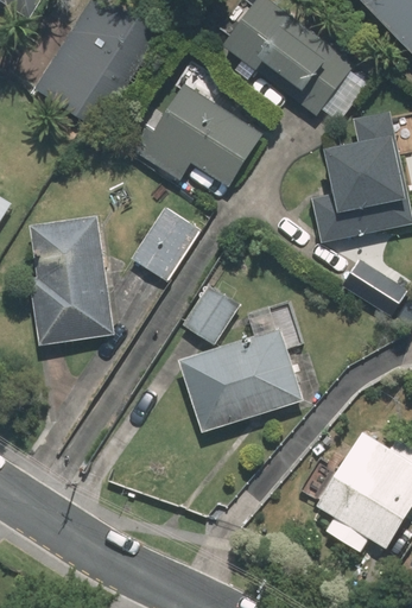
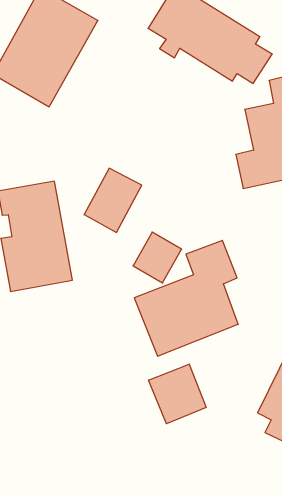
building: [131,86,262,186] -> none
building: none -> [149,364,206,424]

